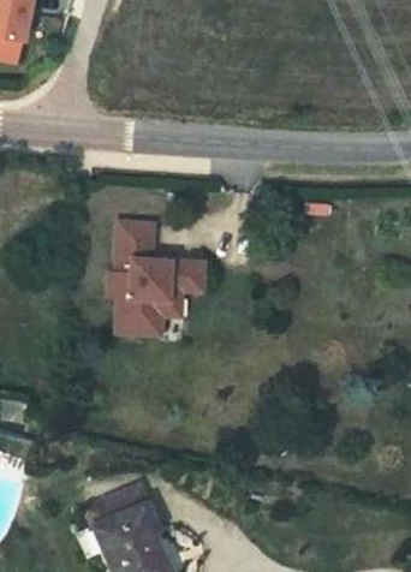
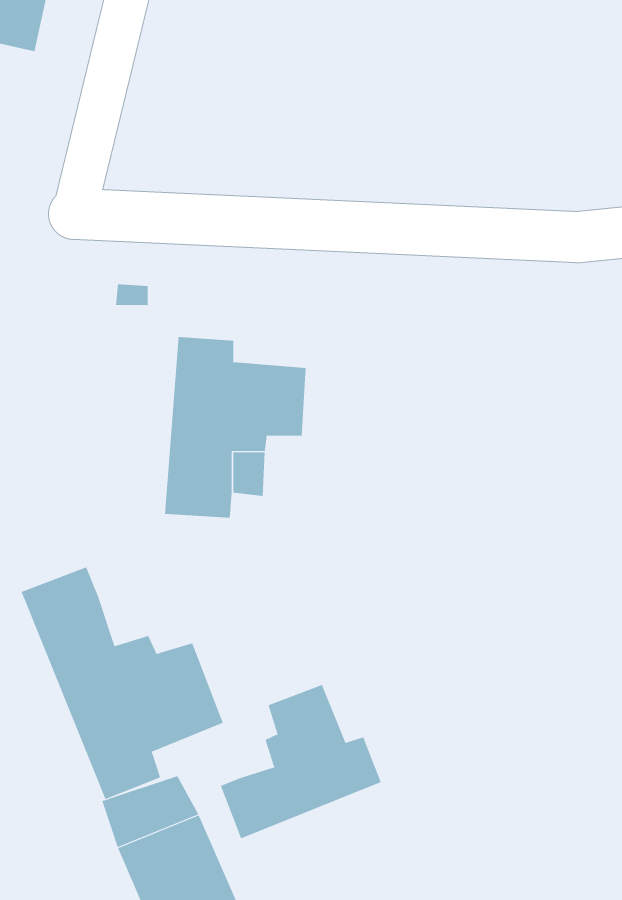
building: none -> [21,567,223,800]
building: none -> [220,684,382,839]

